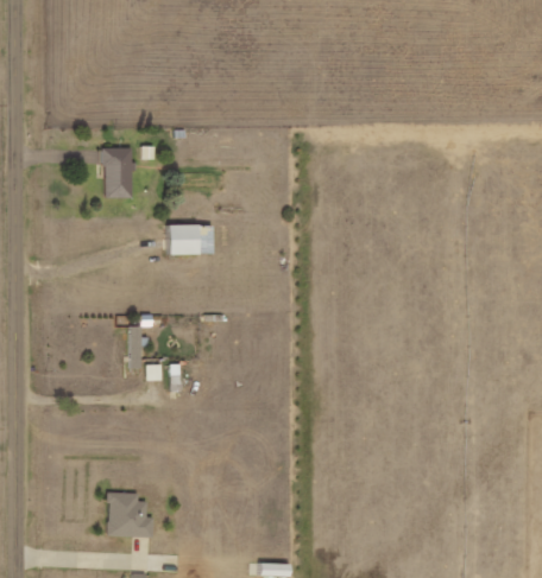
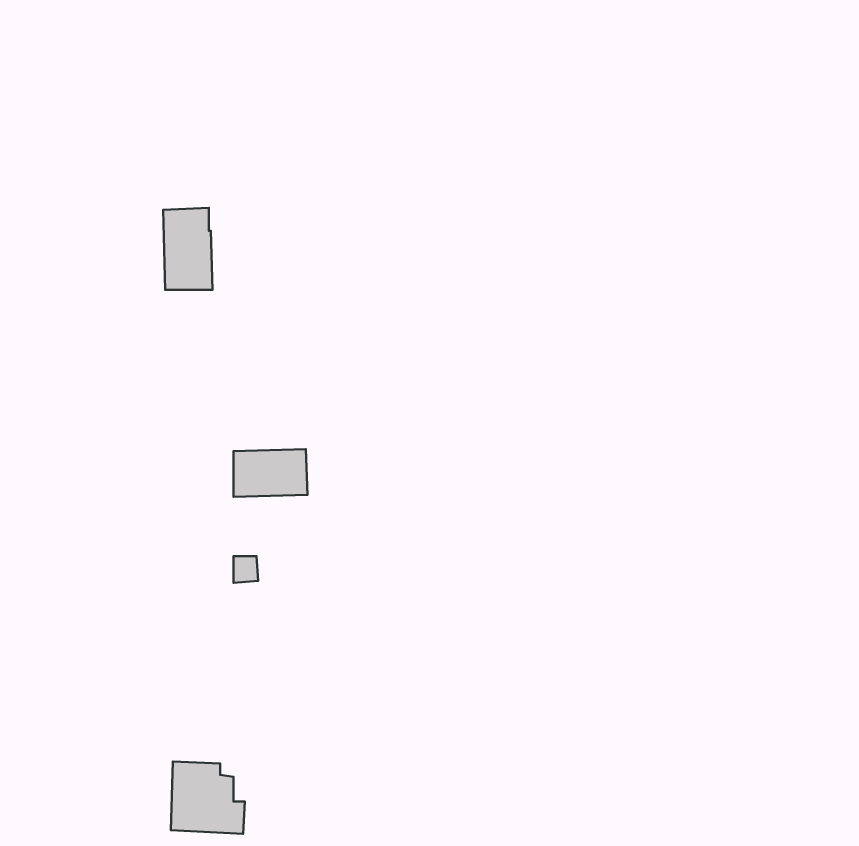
building: [165,224,212,254] -> [233,449,308,497]

